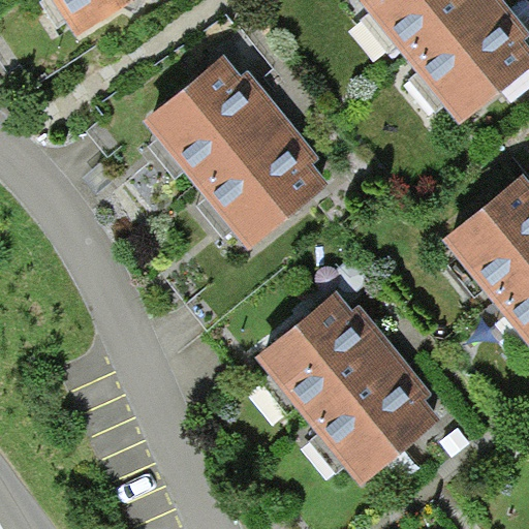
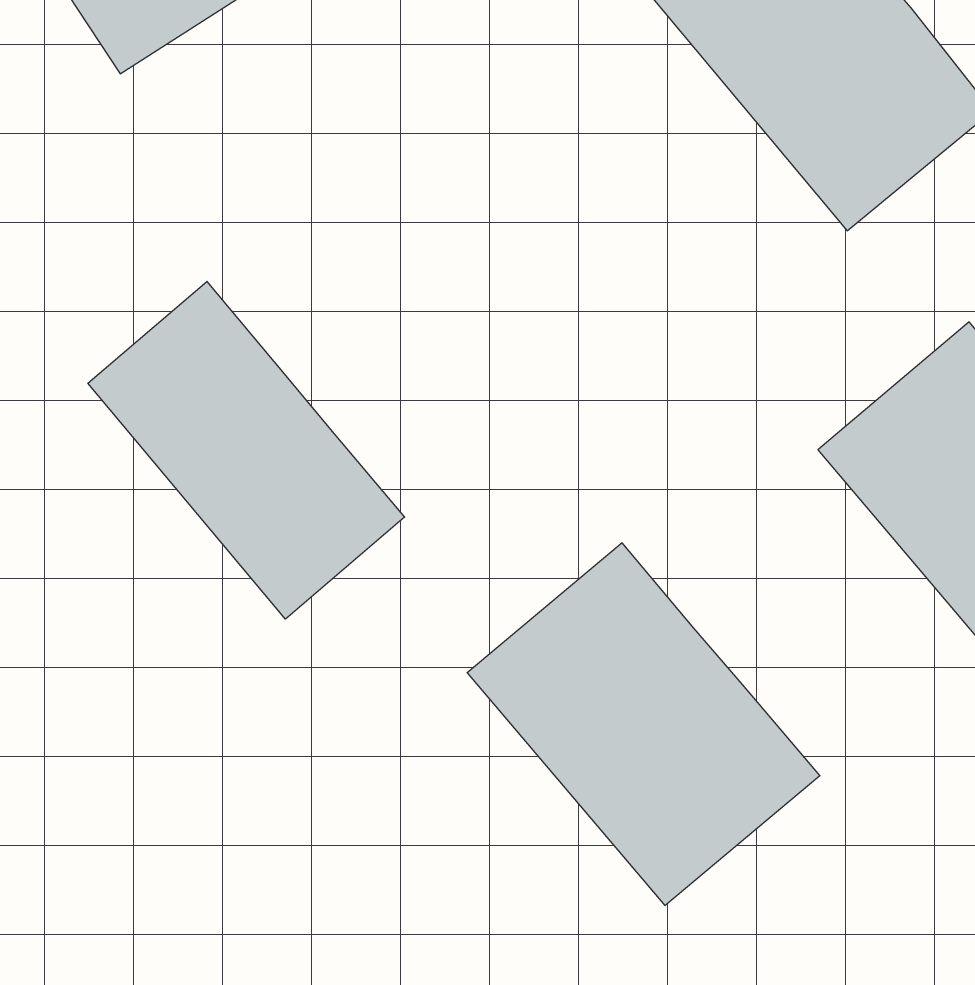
building: [146,54,332,246] -> none
building: none -> [88,281,405,619]

